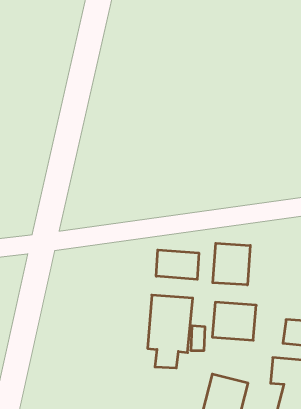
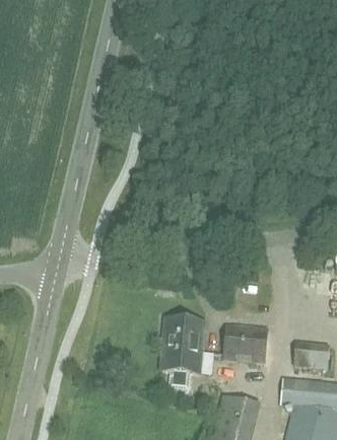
building: [213,243,250,285] -> none
building: [156,250,199,279] -> none

